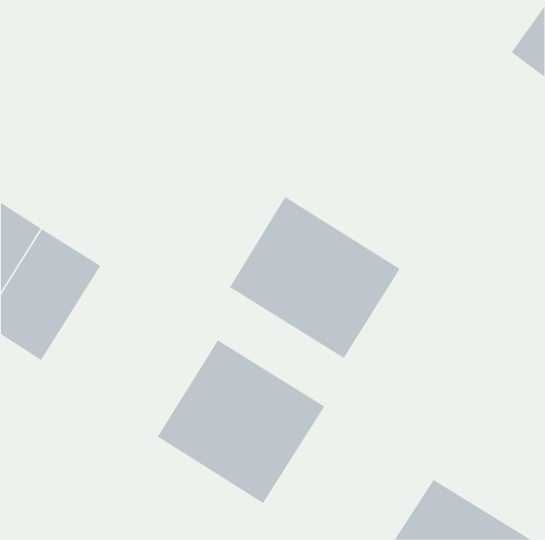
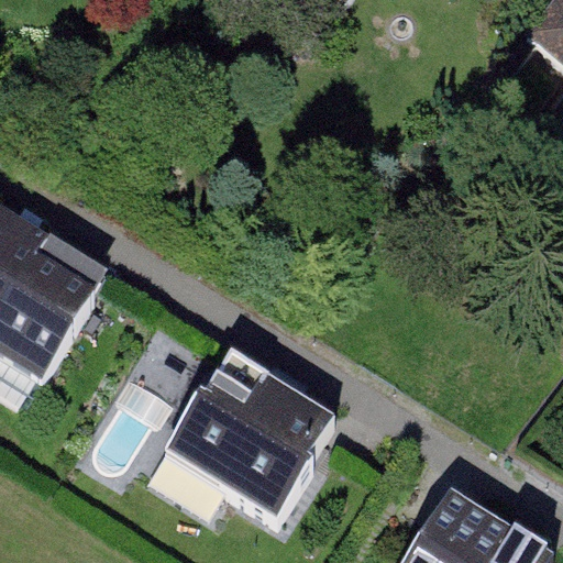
building: [229,196,400,359] -> none

